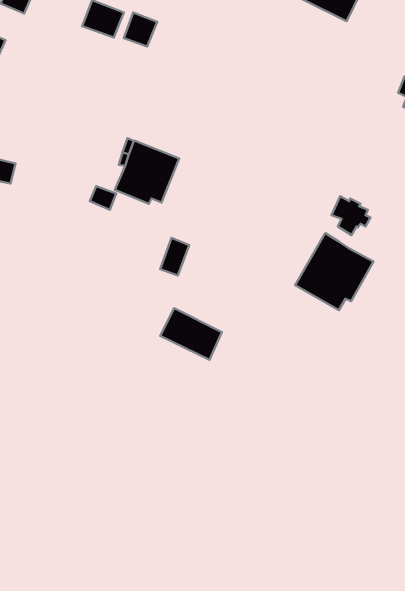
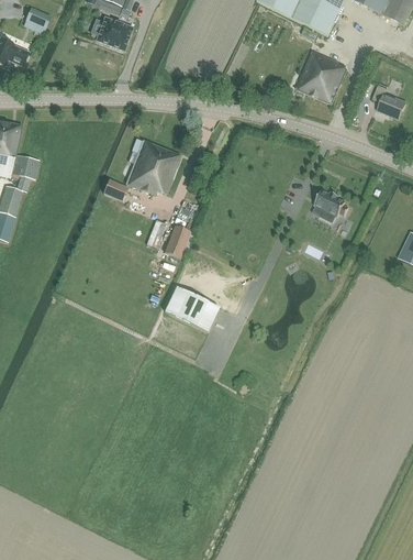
building: [124,13,157,47] -> none
building: none -> [295,52,347,105]
building: [295,233,373,310] -> none

